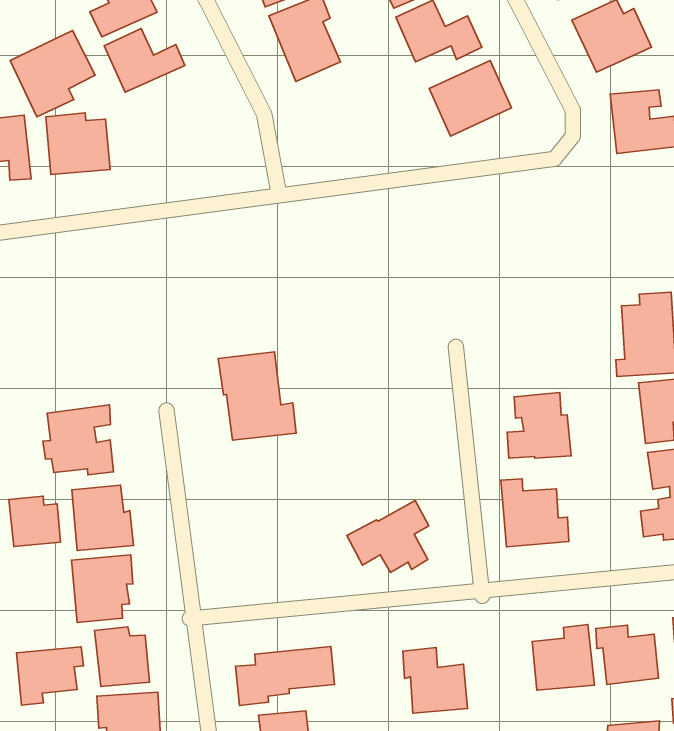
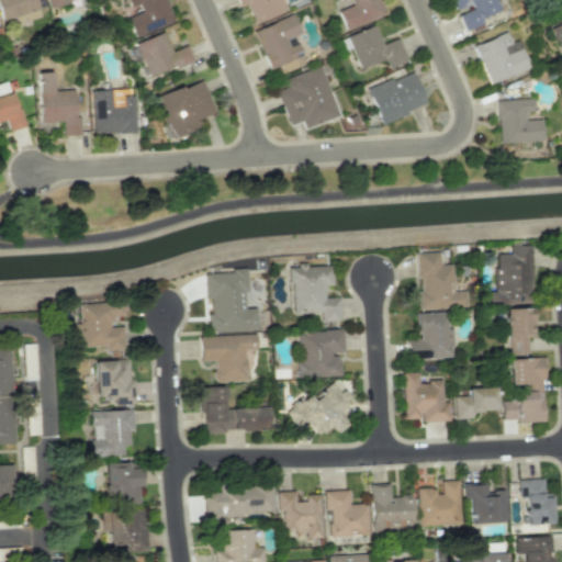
building: [10,31,95,117] -> [159,78,220,138]
building: none -> [278,66,342,128]
building: none -> [419,251,470,308]
building: none -> [293,265,344,321]
building: none -> [301,329,347,378]
building: none -> [203,334,259,381]
building: none -> [457,386,501,418]
building: [9,496,61,546] -> none
building: none -> [204,385,271,431]
building: none -> [373,483,417,530]
building: [16,647,84,705] -> none
building: none -> [281,491,325,538]

